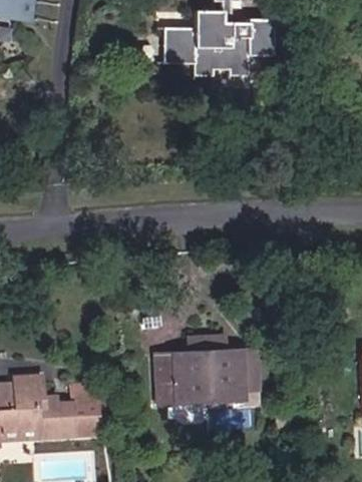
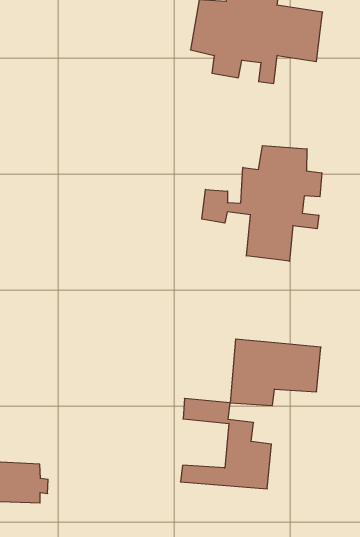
building: none -> [202,146,322,261]
building: [167,351,236,403] -> [230,339,321,406]

